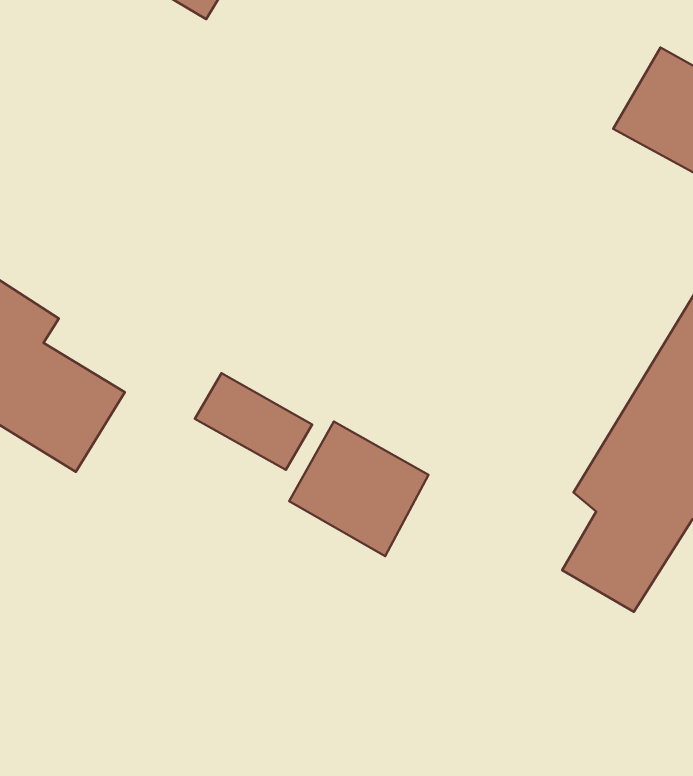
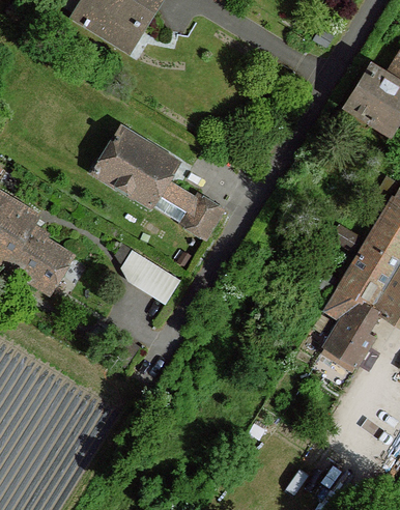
building: none -> [93,131,225,239]
building: [289,421,428,556] -> none

